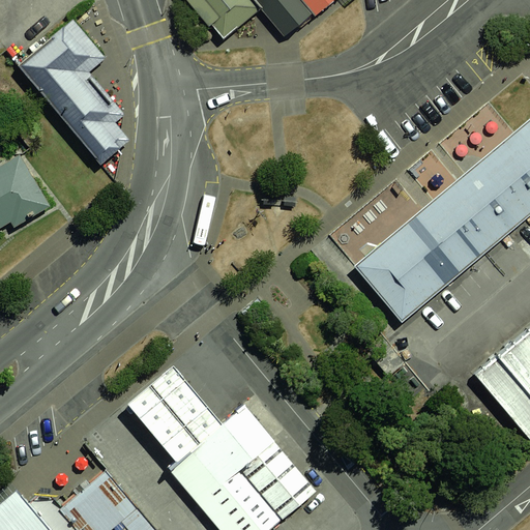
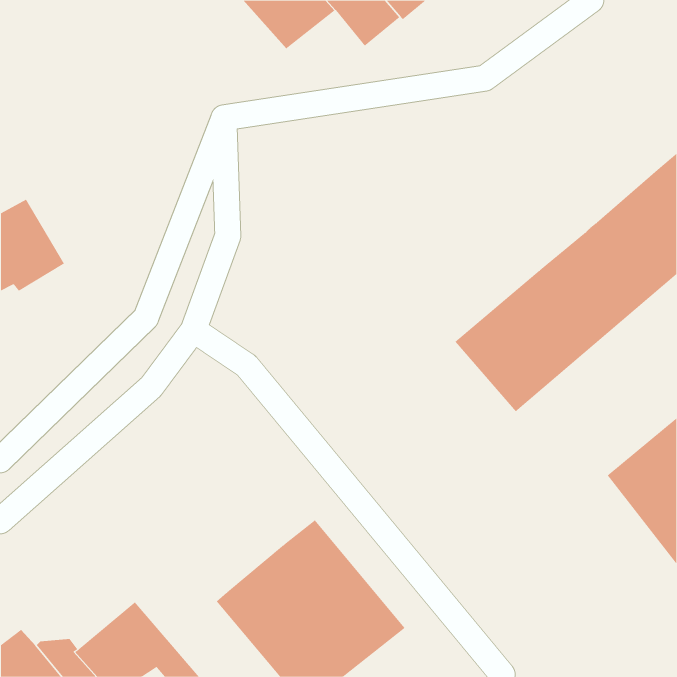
building: [19,20,130,165] -> none
building: [127,366,222,463] -> none

